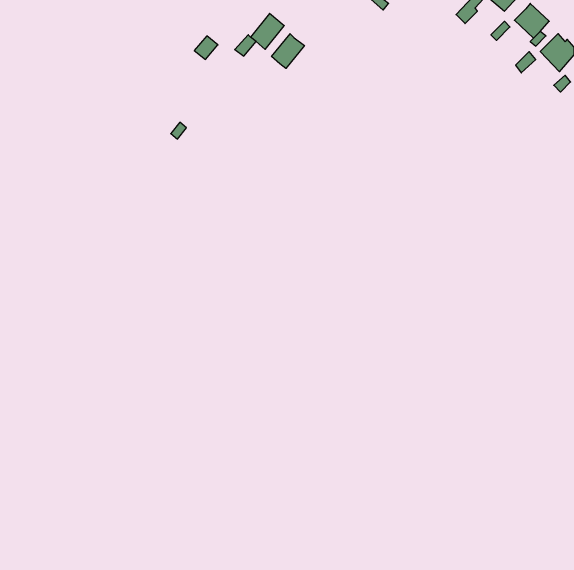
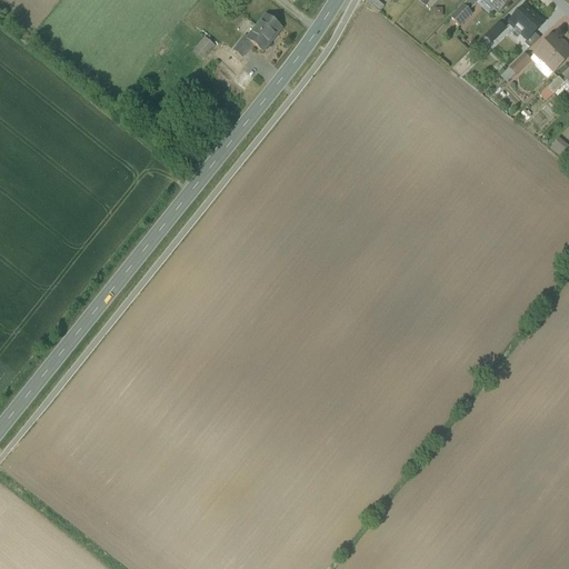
building: [272,34,304,68] -> none

